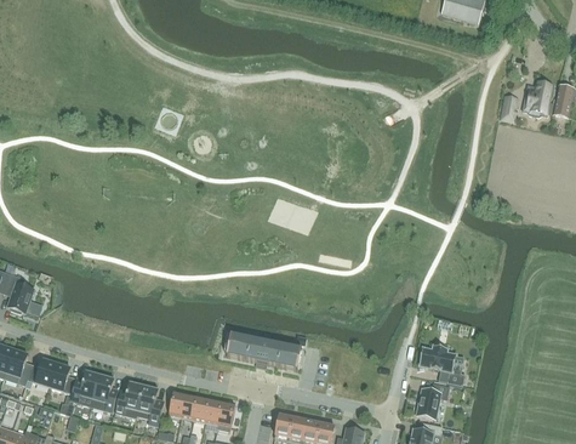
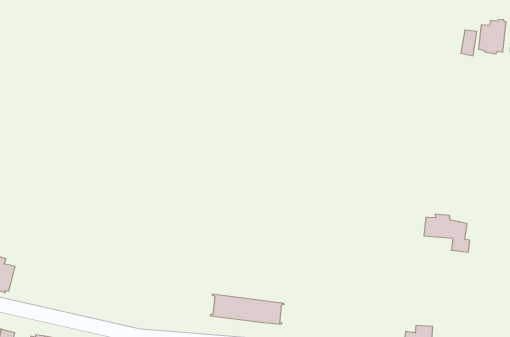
building: [418,346,464,387] -> [424,214,470,252]

